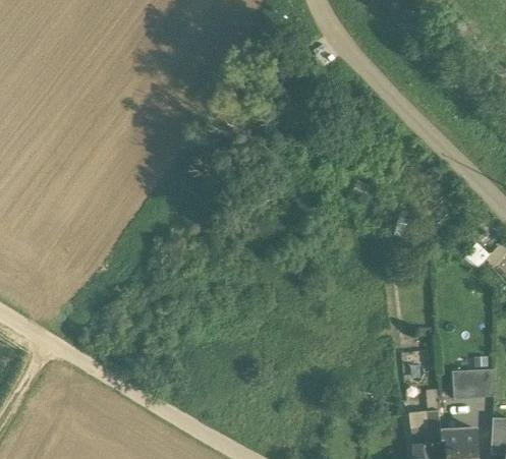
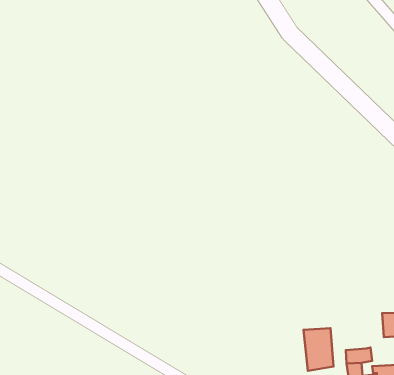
building: none -> [303,328,334,371]

